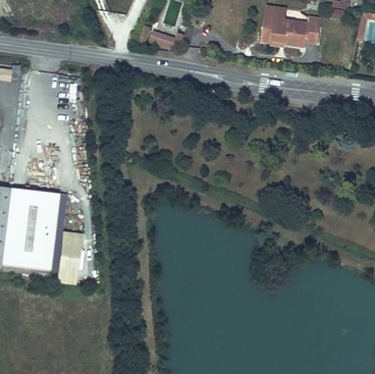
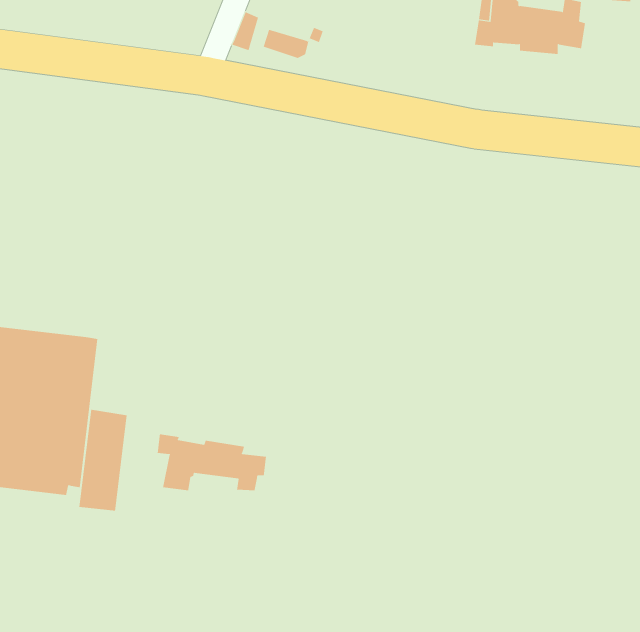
building: none -> [157,433,266,491]

